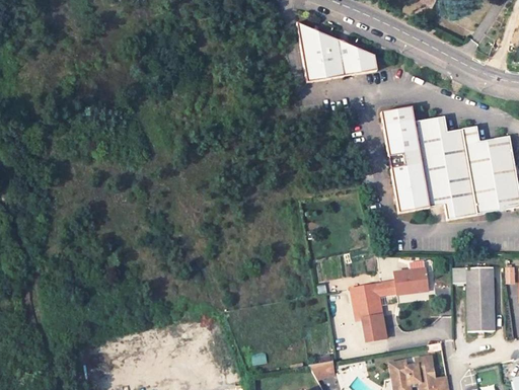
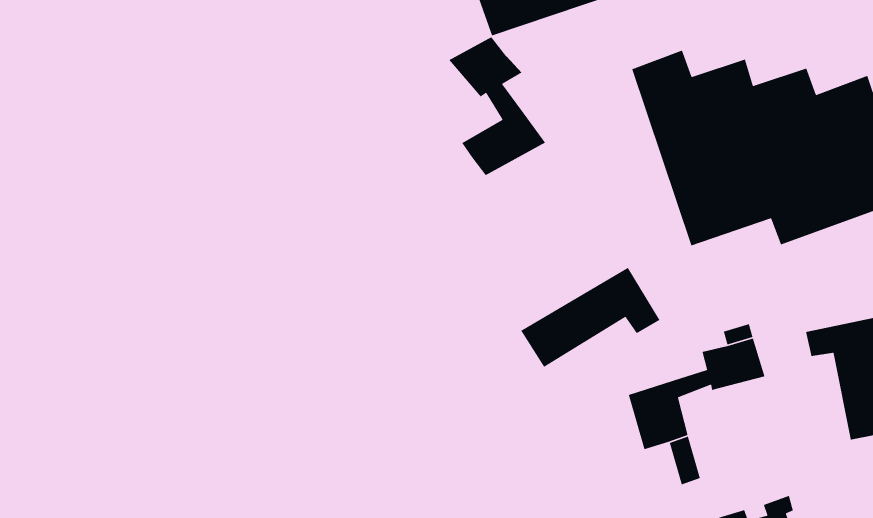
building: none -> [448,36,546,176]
building: none -> [520,267,661,368]

